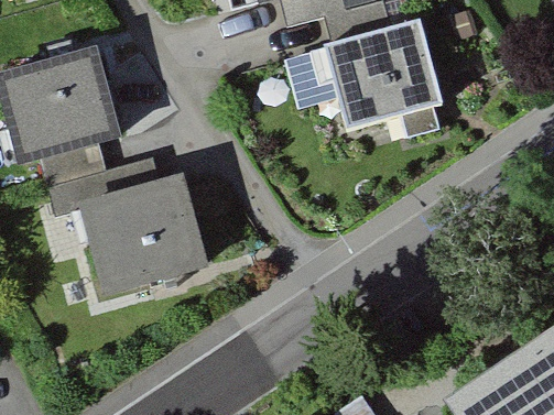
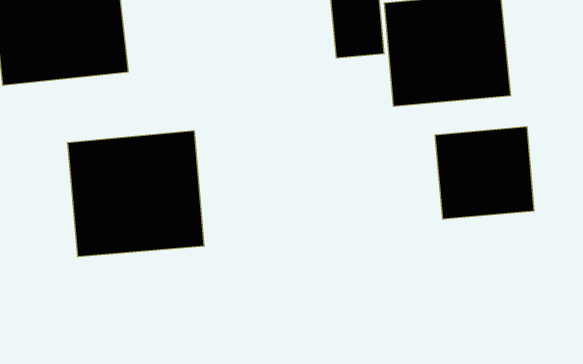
building: none -> [435,127,534,219]

